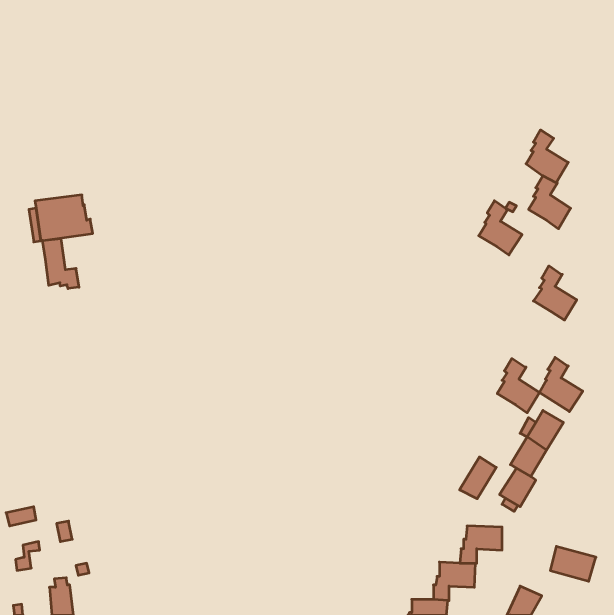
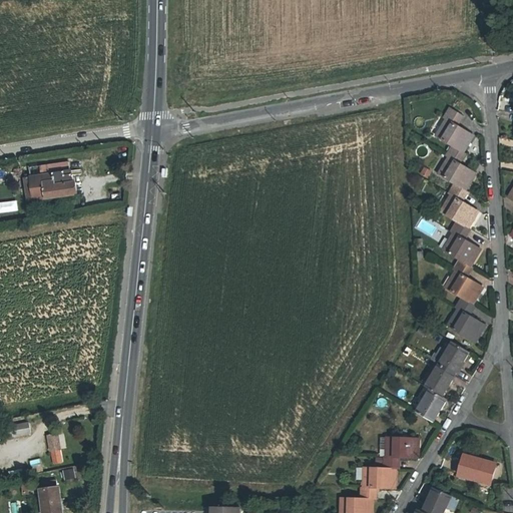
building: [479,201,522,255] -> [442,183,478,228]
building: [43,239,79,289] -> none
building: [497,359,539,413] -> [447,260,482,305]
building: [460,457,496,499] -> none

